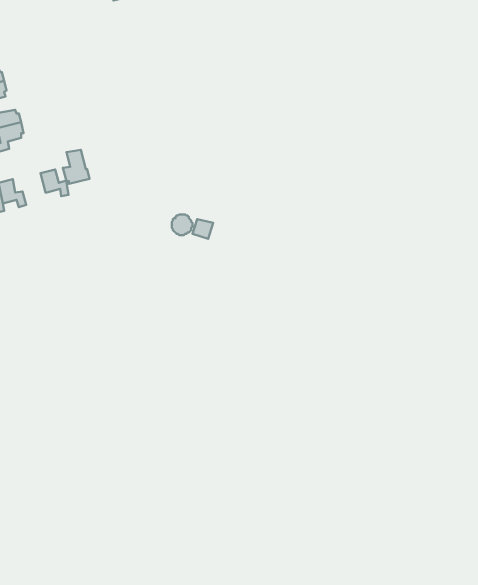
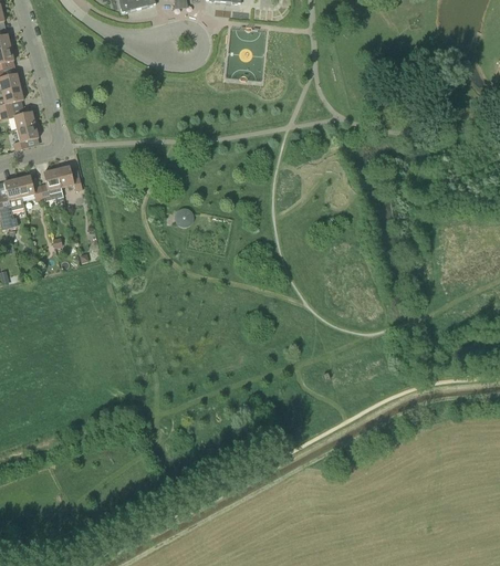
building: [63,150,89,184] -> [38,168,62,199]

